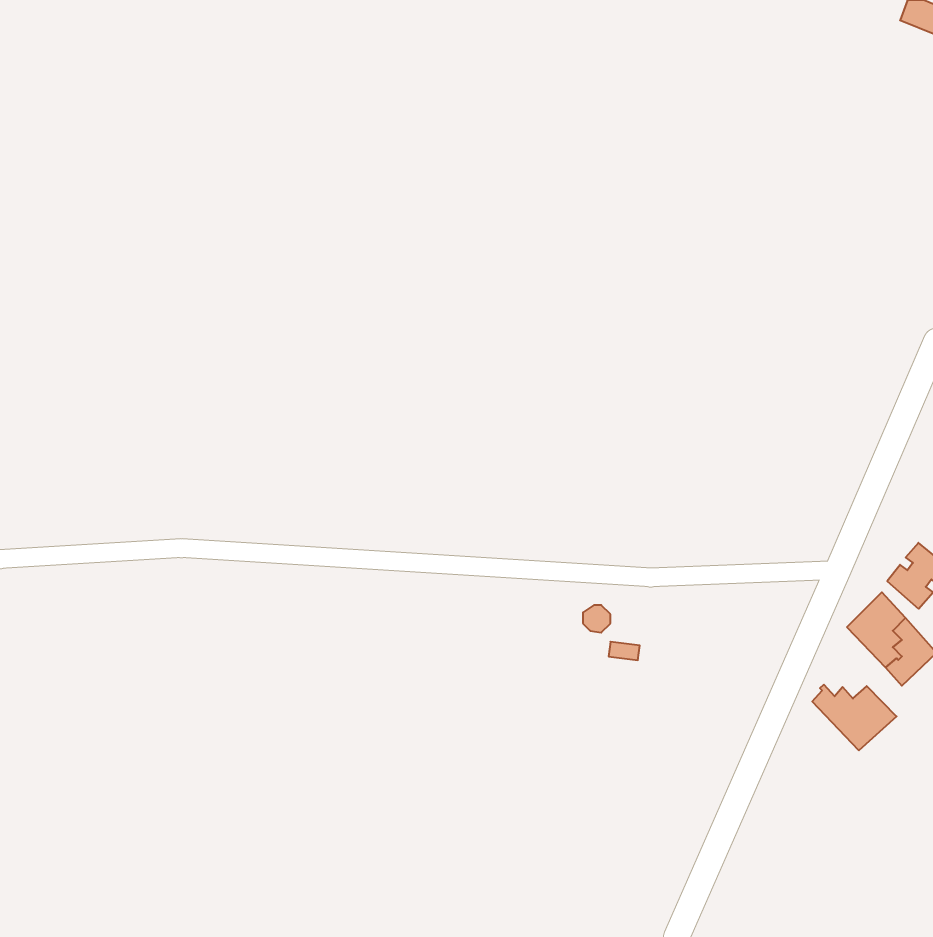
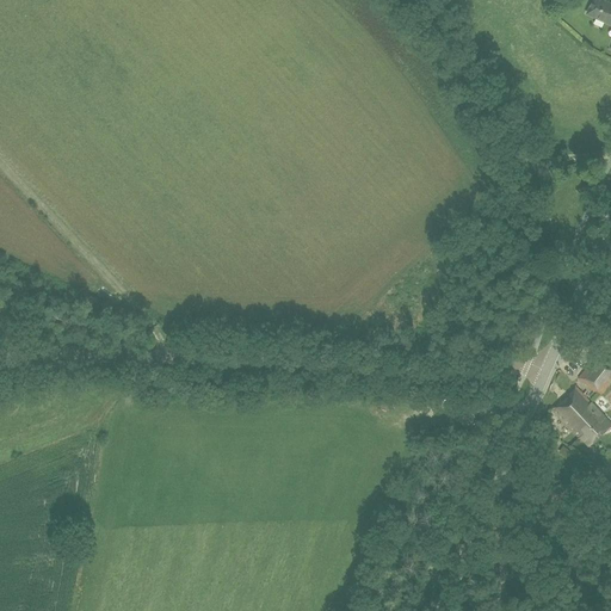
building: [812,685,897,750] -> none

